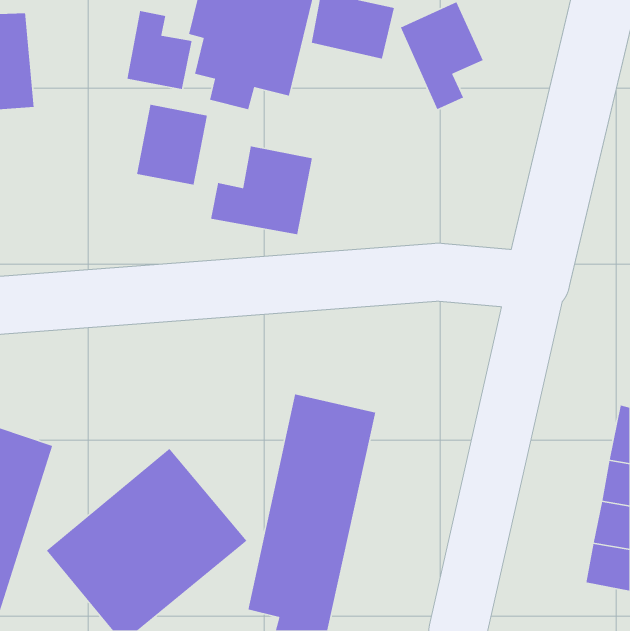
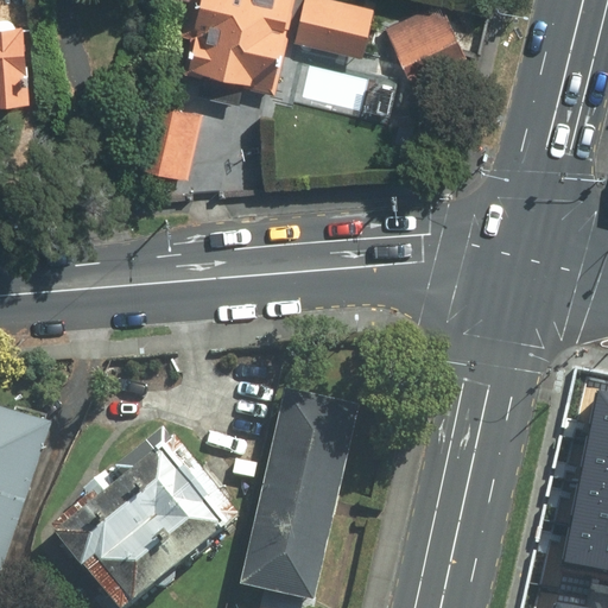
building: [127,10,192,90] -> none
building: [210,146,313,235] -> none

